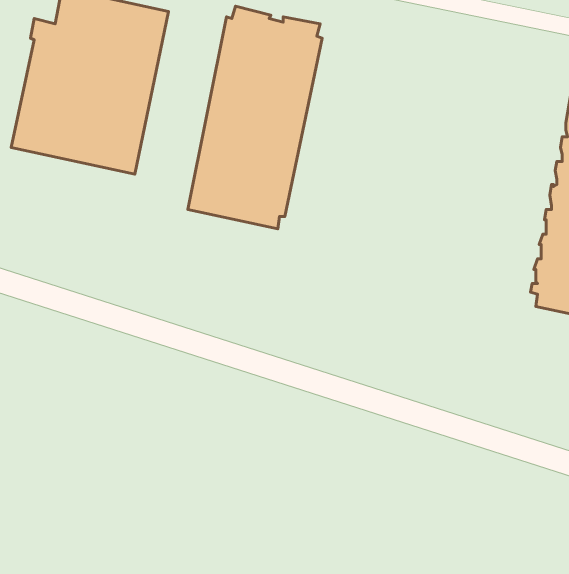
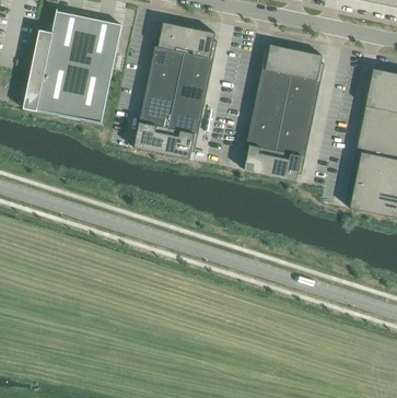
building: none -> [242,45,324,179]

